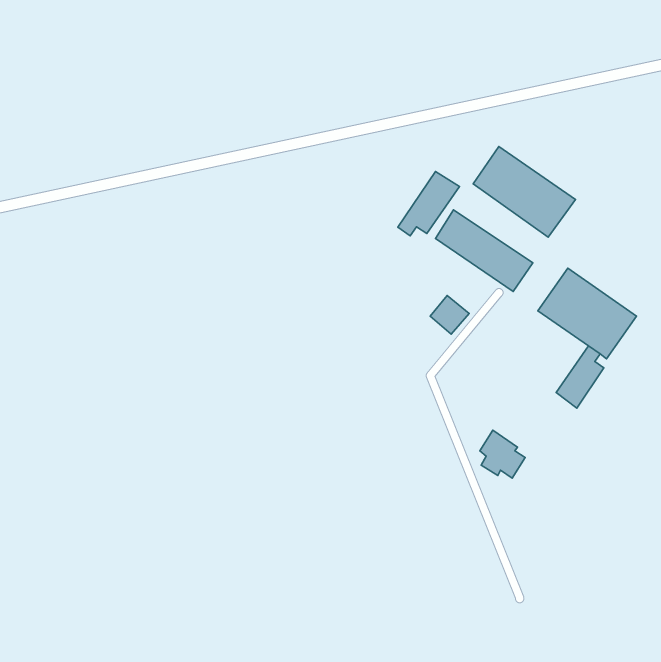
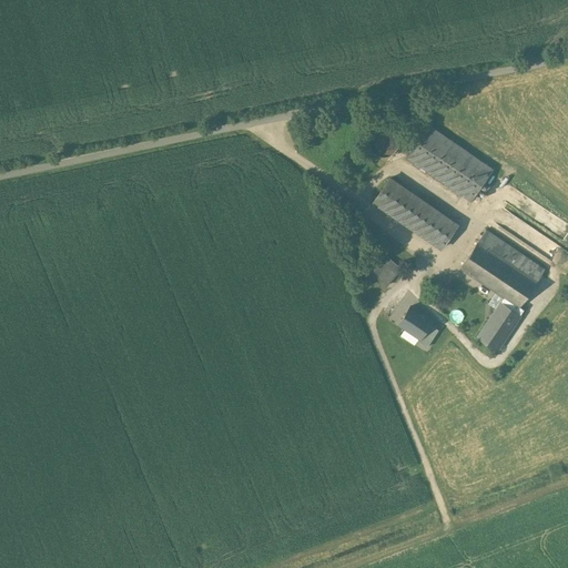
building: [398,172,460,236] -> none
building: [480,430,525,478] -> [400,306,439,347]

